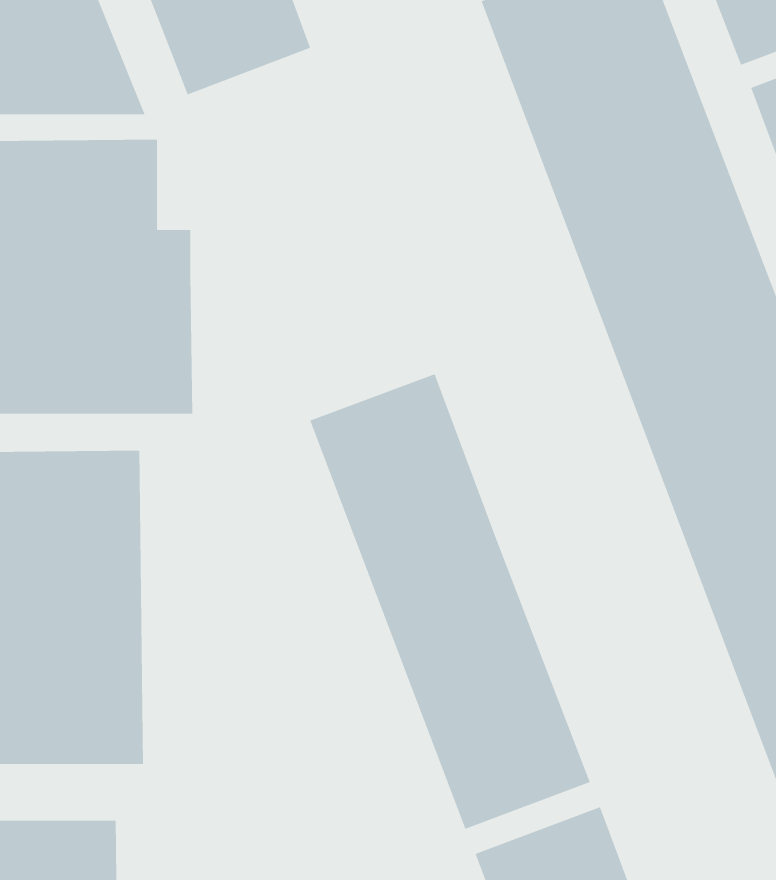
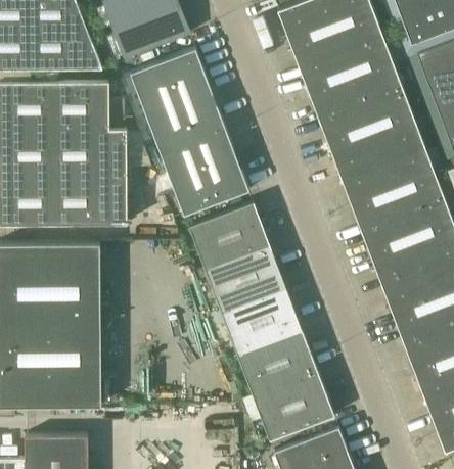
building: none -> [129,48,248,216]

